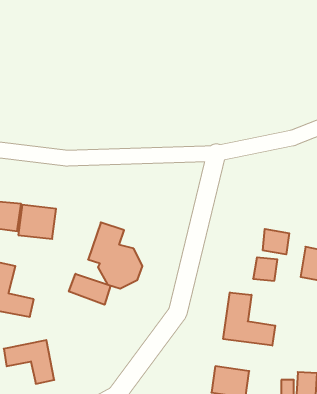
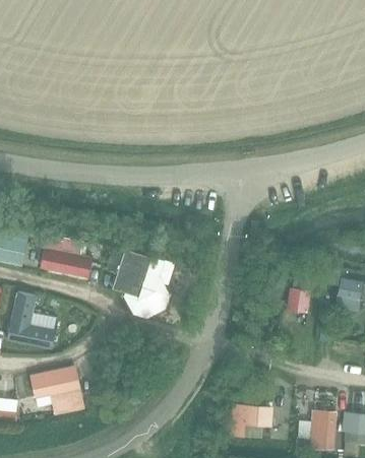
building: [263,229,289,254] -> none
building: [69,274,110,305] -> none
building: [223,292,275,346] -> none

